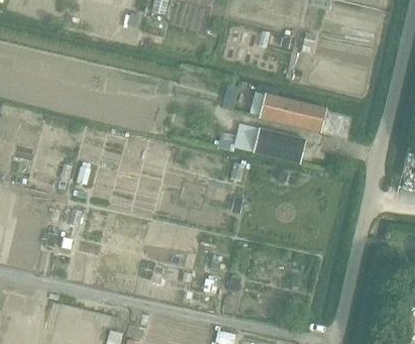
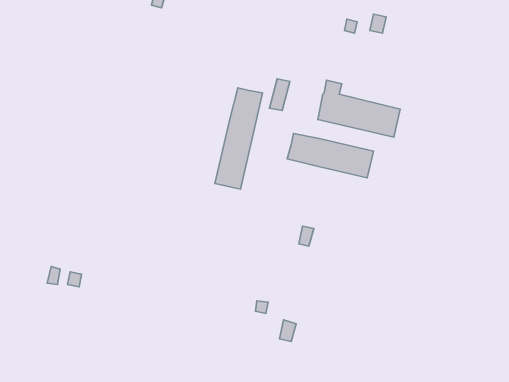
building: none -> [215,88,262,189]

